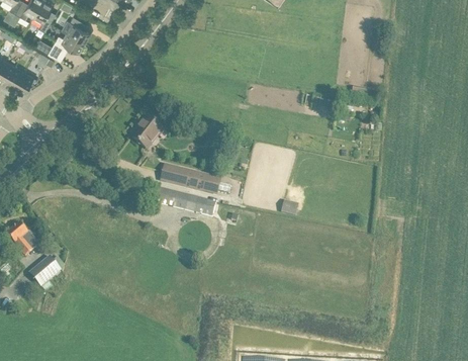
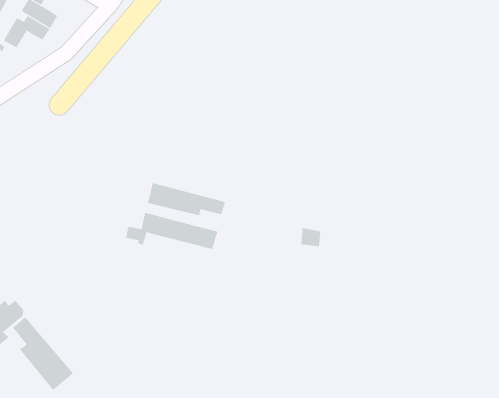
building: [129,116,162,150] -> none
building: none -> [12,317,74,391]

